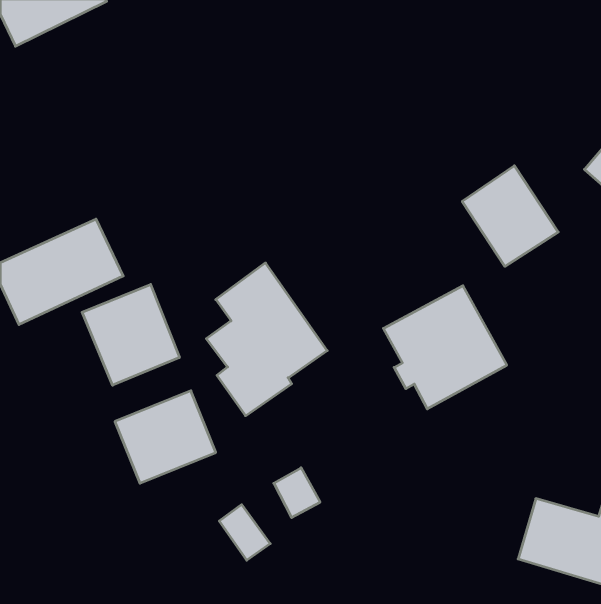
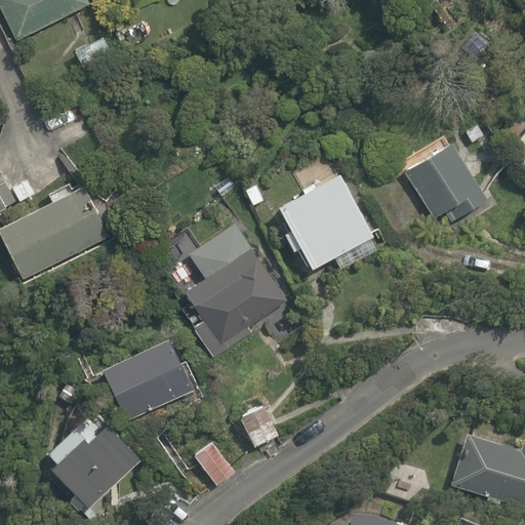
building: [82,284,179,385] -> none
building: [383,286,507,409] -> [275,163,381,270]
building: none -> [42,406,143,510]

